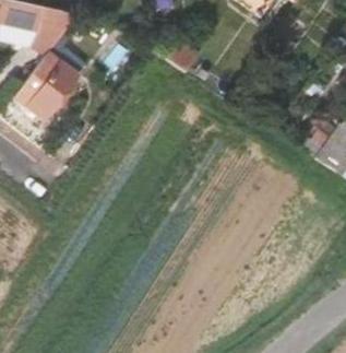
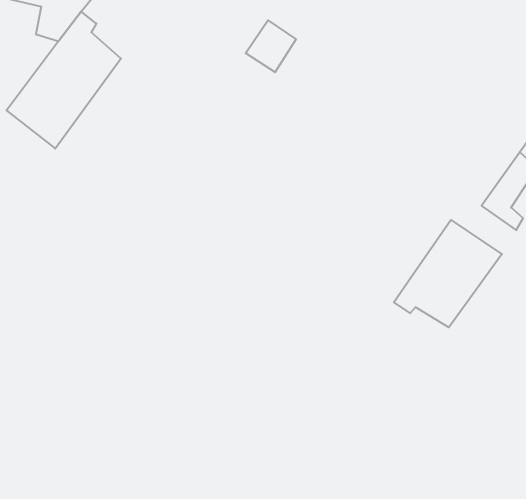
building: none -> [394,220,502,327]

